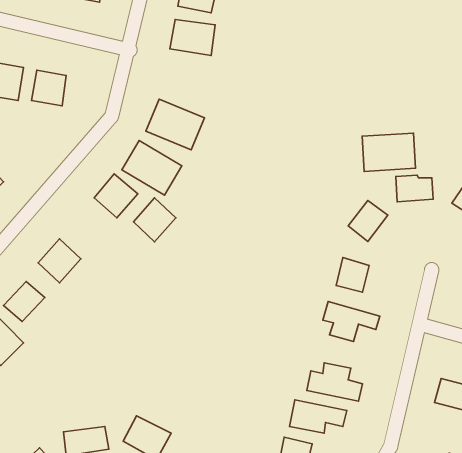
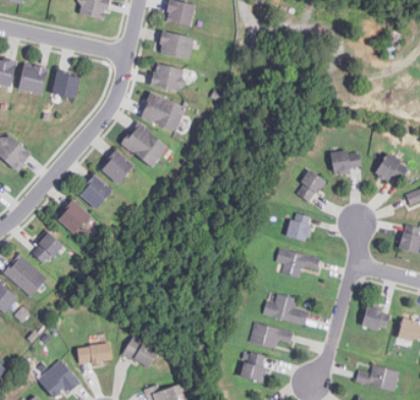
building: none -> [151,63,186,92]
building: [362,133,416,171] -> none
building: [133,198,176,242] -> [78,176,111,209]

